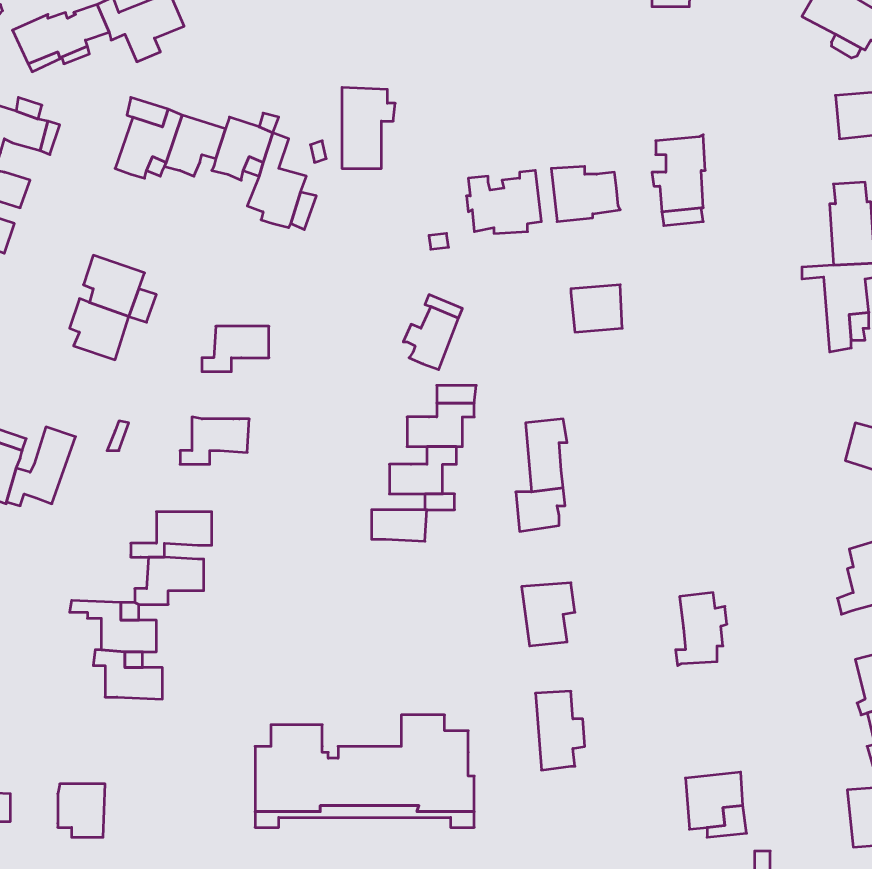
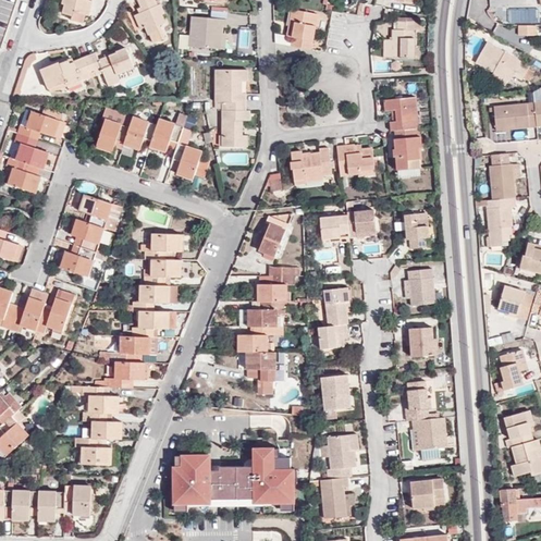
building: none -> [214,70,248,102]
building: none -> [383,97,418,131]
building: none -> [404,212,429,248]
building: none -> [320,214,351,242]
building: none -> [59,244,96,276]
building: none -> [144,258,181,284]
building: none -> [405,269,428,305]
building: none -> [131,309,169,335]
building: none -> [407,324,435,355]
building: none -> [245,351,275,393]
building: none -> [408,416,445,448]
building: none -> [74,438,111,464]
building: none -> [321,476,348,517]
building: none -> [37,491,64,520]

